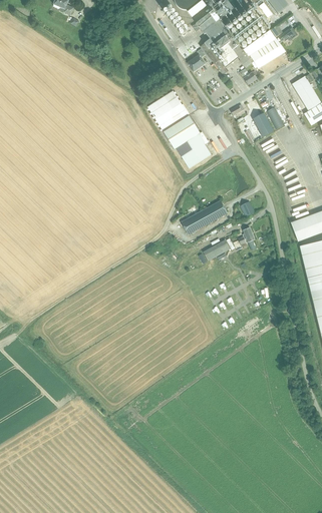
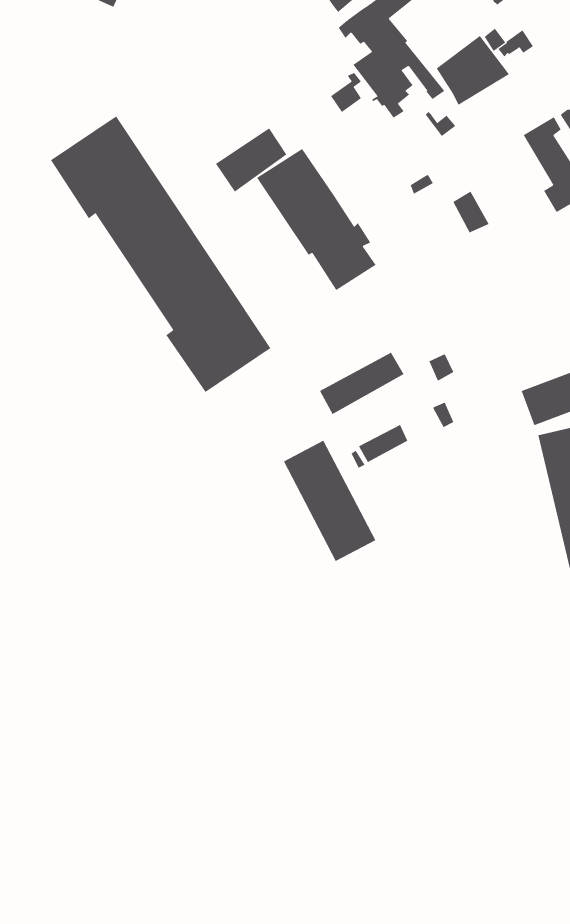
building: none -> [50,116,271,393]
building: none -> [215,127,287,192]
building: none -> [283,440,376,562]

